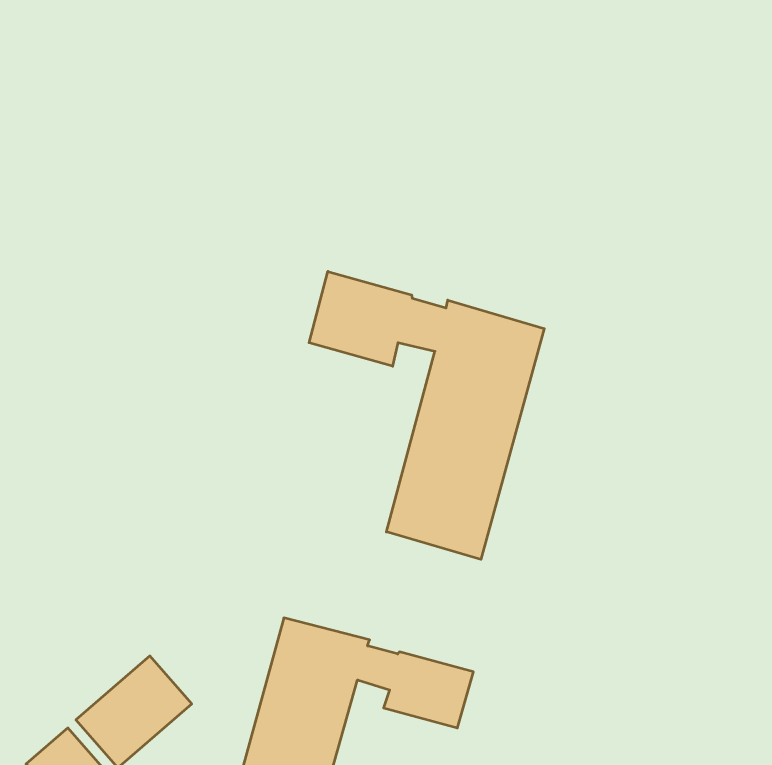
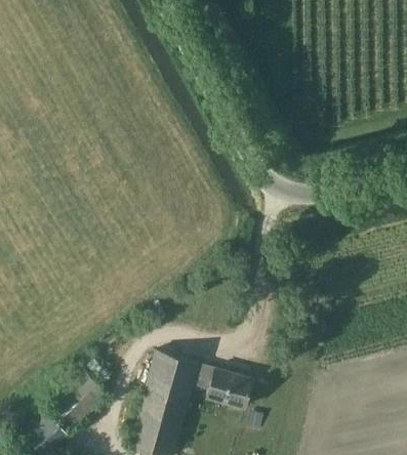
building: [309,271,544,559] -> none

